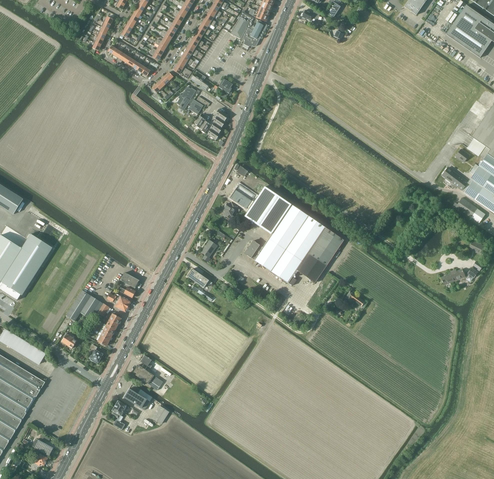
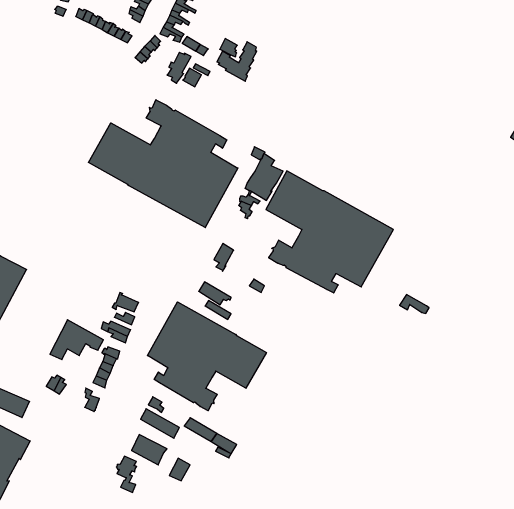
building: [195,109,227,140] -> [217,42,257,81]
building: none -> [88,100,238,228]
building: none -> [147,302,266,411]

